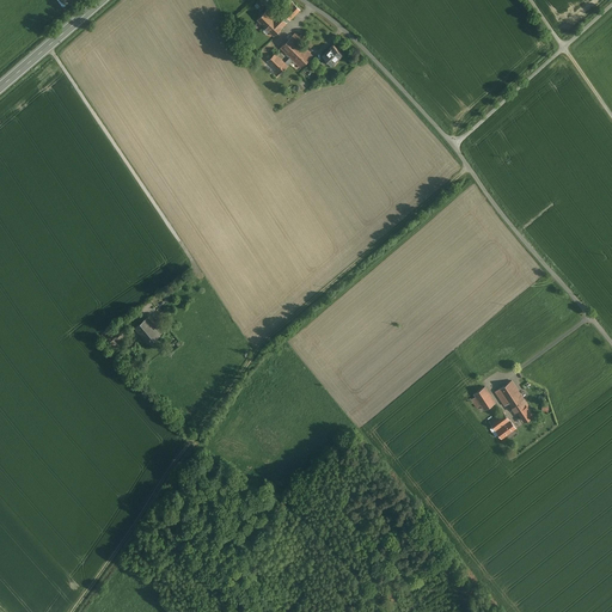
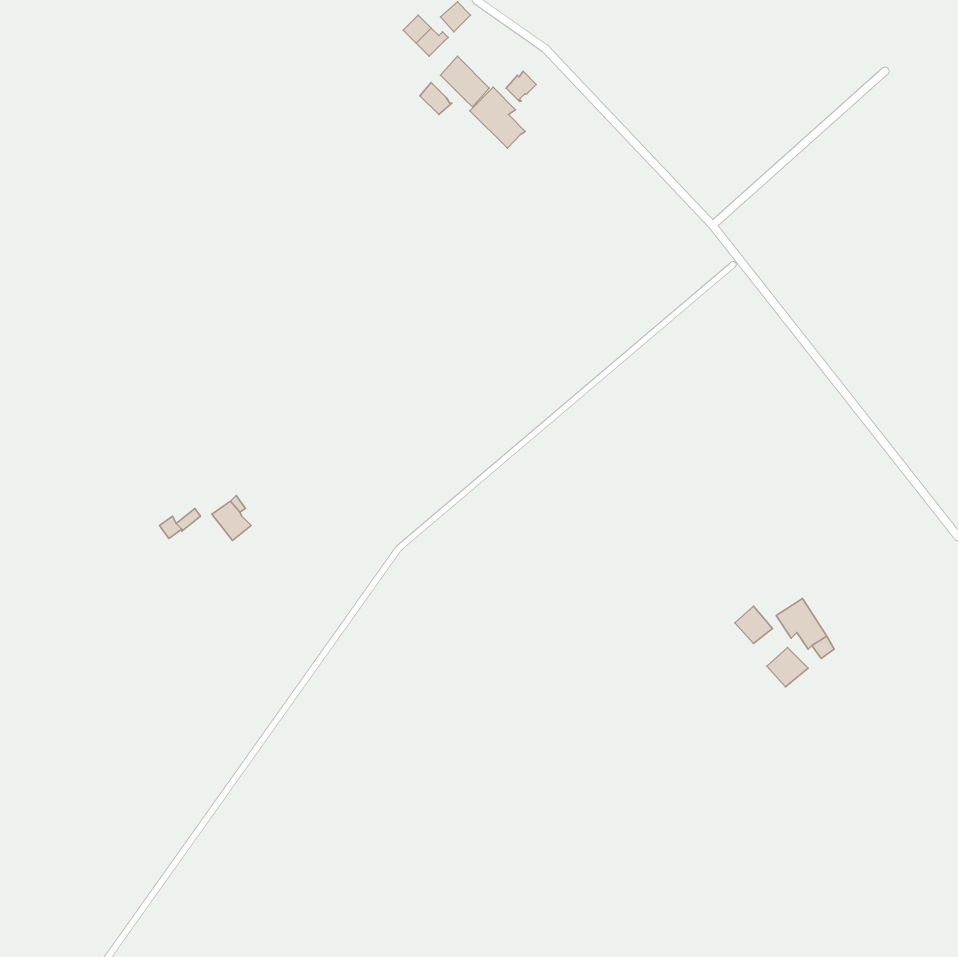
building: none -> [470,87,525,148]

